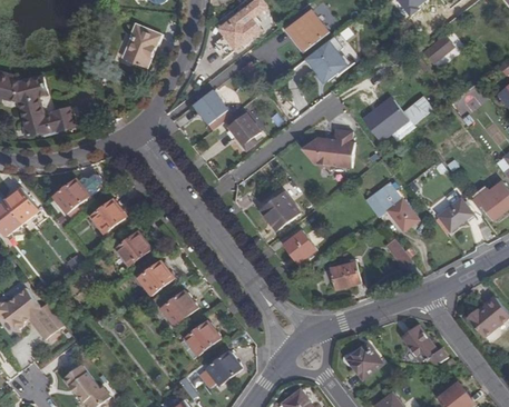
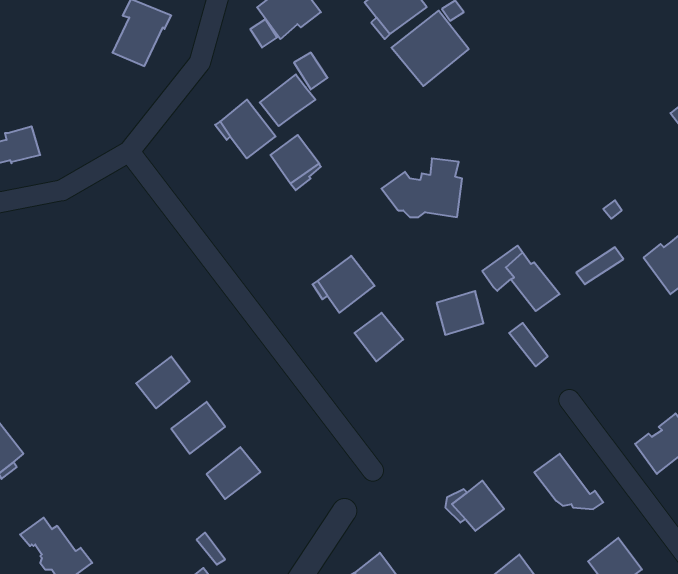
building: [424,30,462,67] -> none
building: none -> [260,74,315,126]
building: [363,93,432,140] -> none
building: [53,176,100,214] -> none
building: [438,198,473,232] -> none
building: [91,199,127,234] -> none
building: [116,231,151,266] -> none
building: [330,260,361,289] -> [437,291,484,335]
building: [198,351,242,389] -> none

